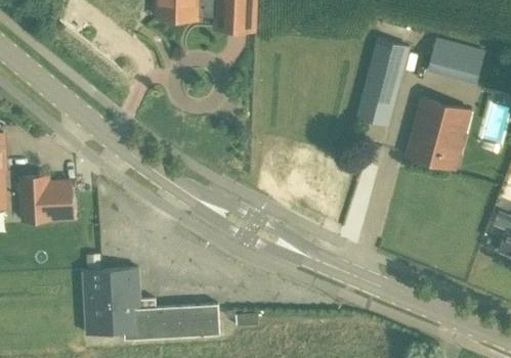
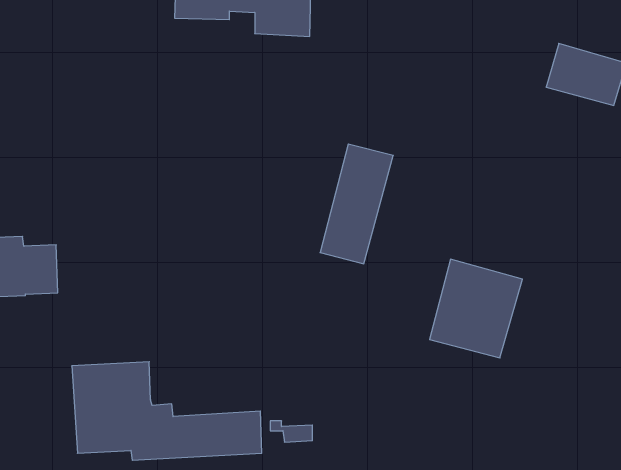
building: [356,39,410,126] -> [320,144,393,264]
building: [404,98,472,170] -> [430,259,522,358]

